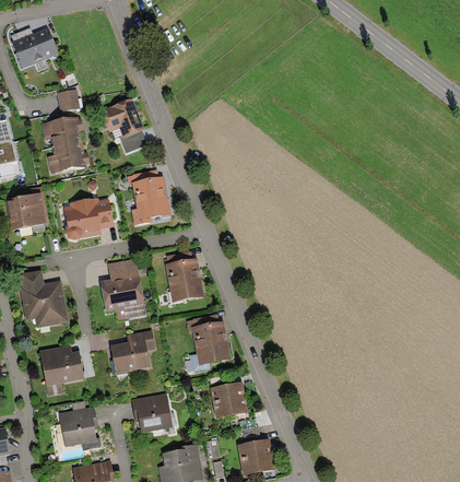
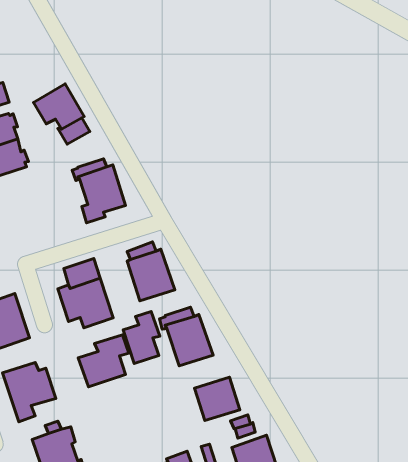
building: [63,198,114,240] -> none
building: none -> [123,311,160,363]
building: [131,392,173,433] -> none

